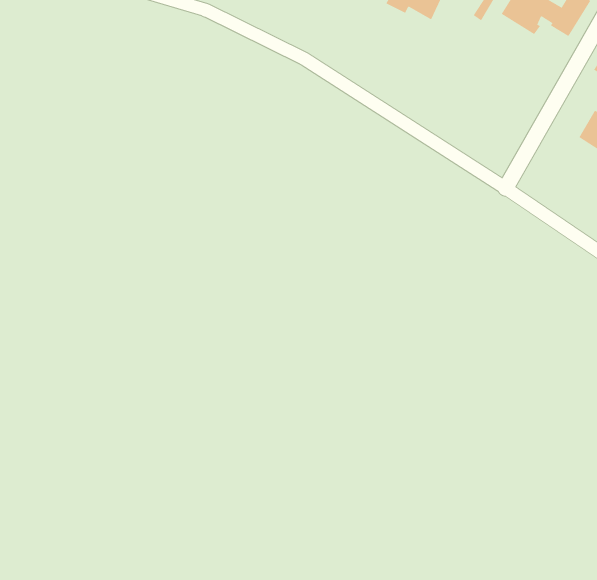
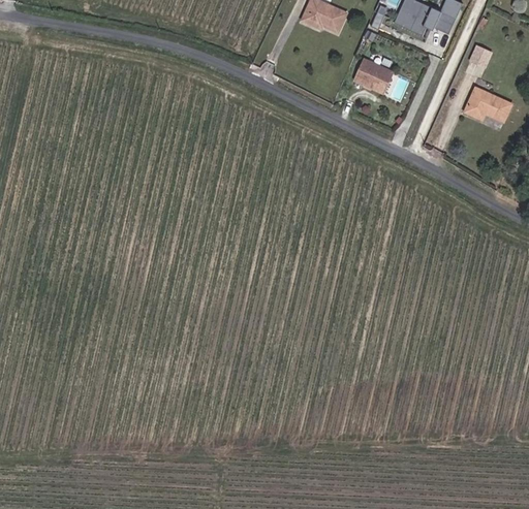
building: none -> [354,60,390,92]

